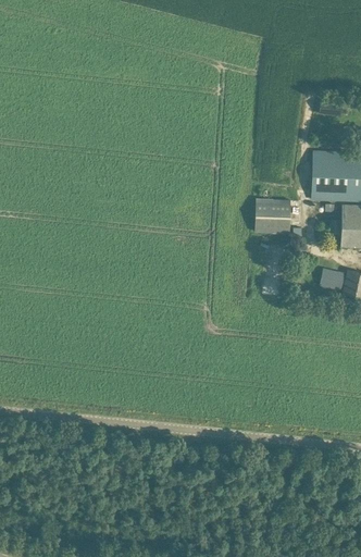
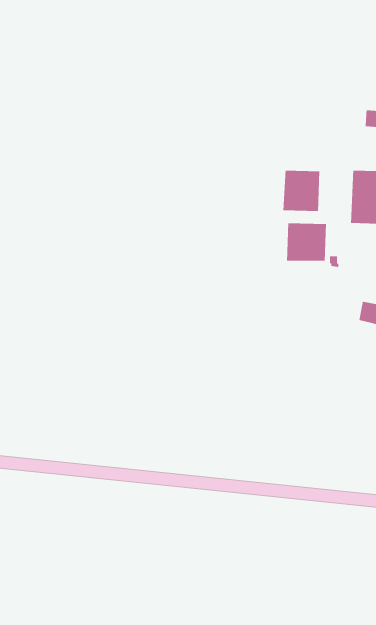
building: none -> [283,170,320,212]

